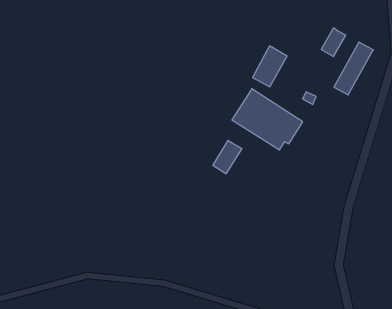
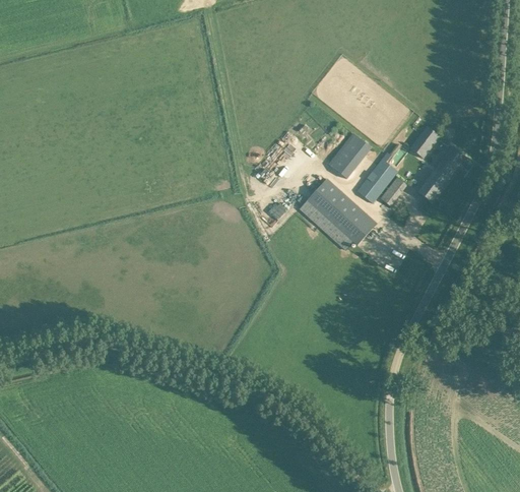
building: none -> [355,151,397,203]
building: [213,140,242,174] -> none

